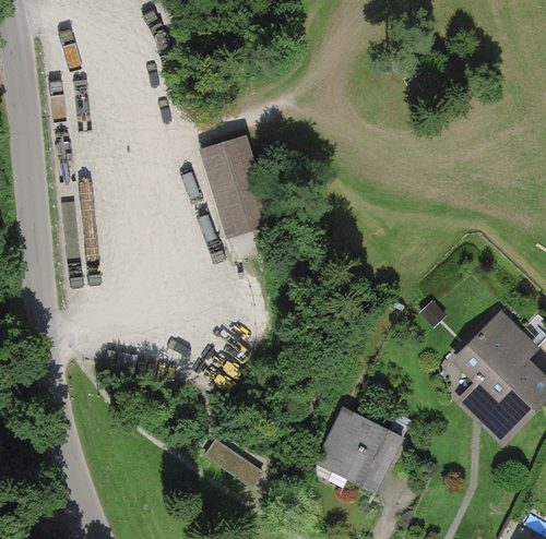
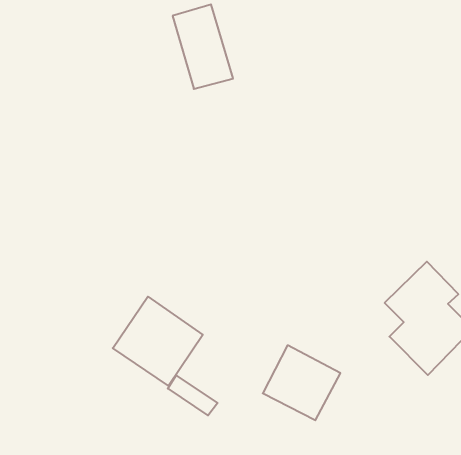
building: [200,137,269,233] -> [173,4,233,89]
building: none -> [113,297,203,386]

